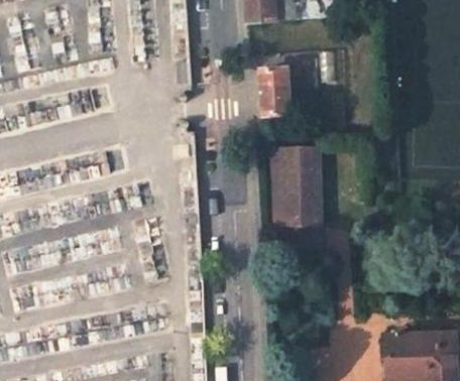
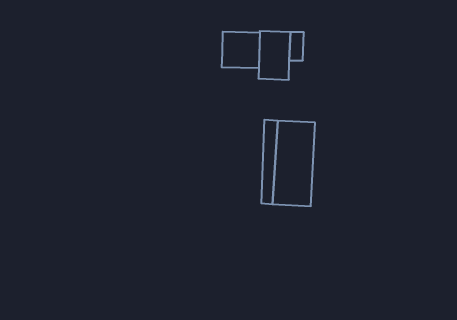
building: none -> [222,32,260,68]

